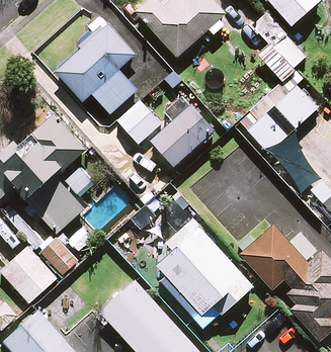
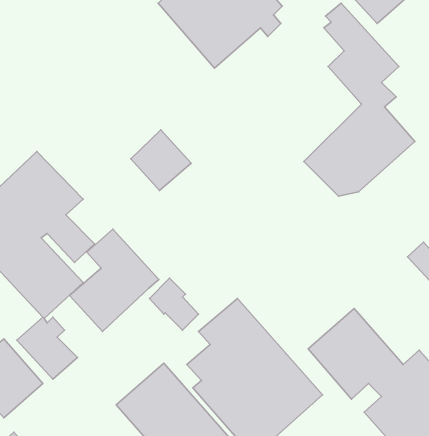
building: [56,14,137,114] -> none
building: [151,94,214,166] -> [69,229,159,331]

